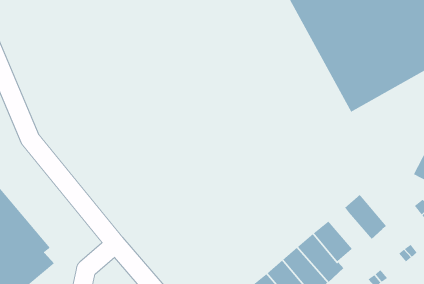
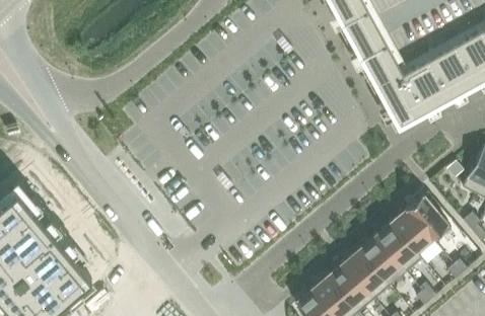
building: none -> [407,194,451,241]
building: none -> [374,222,422,273]

